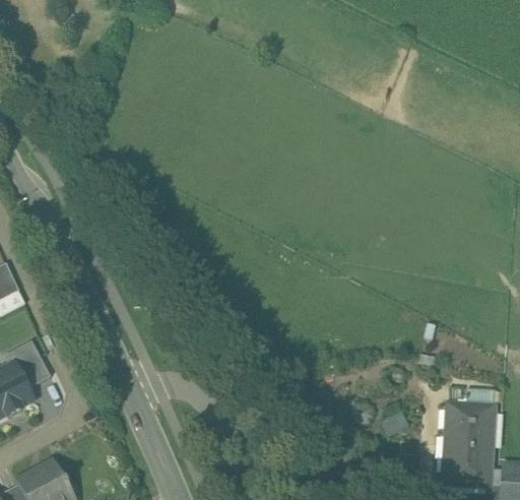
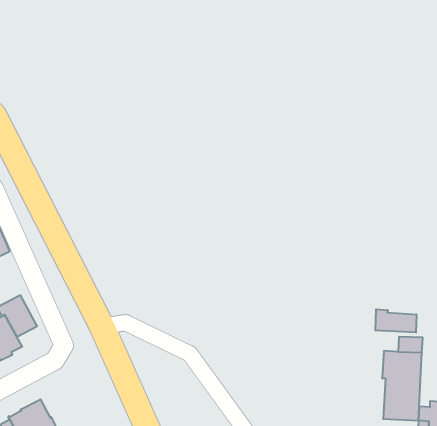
building: none -> [376,309,416,333]

